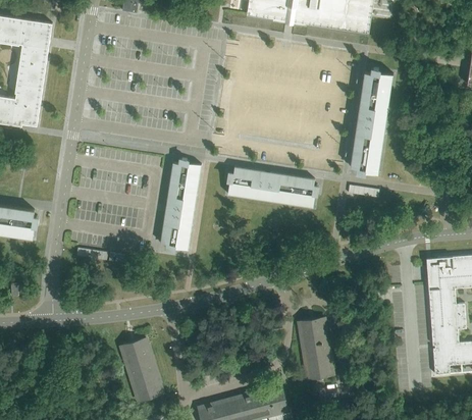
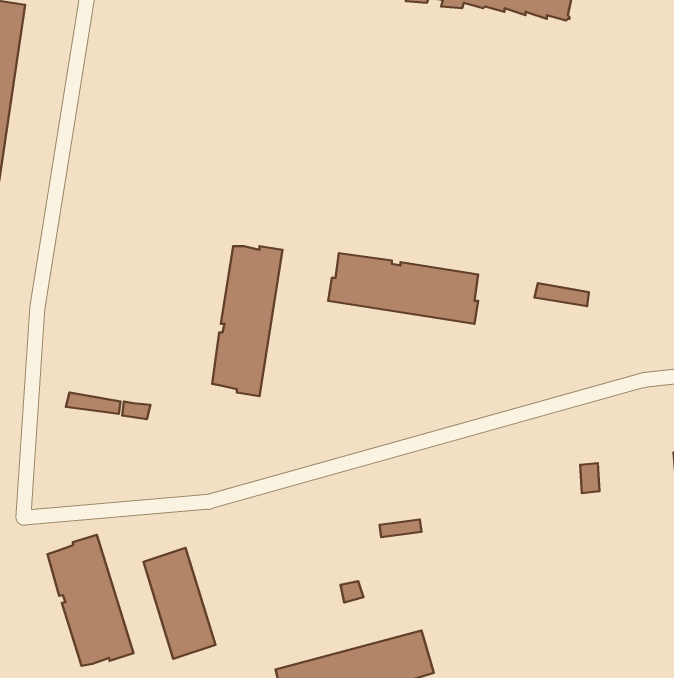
building: [350,72,392,173] -> none
building: [298,317,332,379] -> none
building: none -> [47,535,134,666]

